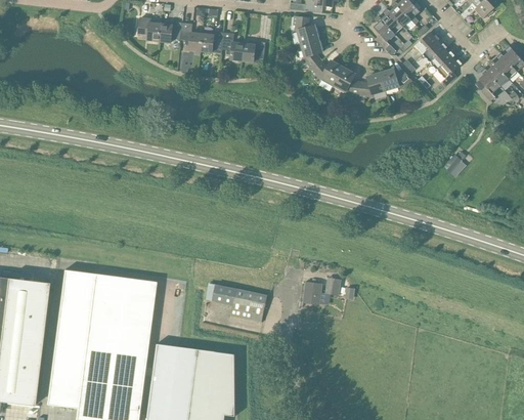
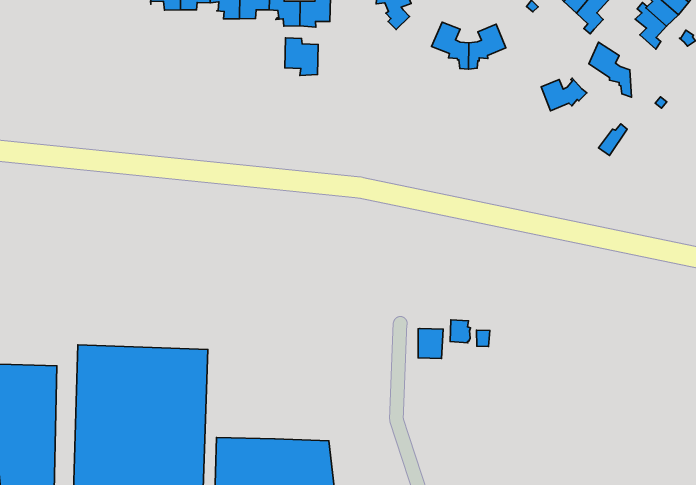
building: [310,60,343,84] -> none
building: none -> [285,38,318,75]
building: [381,69,412,90] -> [541,78,587,111]
building: none -> [589,42,632,97]
building: [212,284,267,322] -> none

